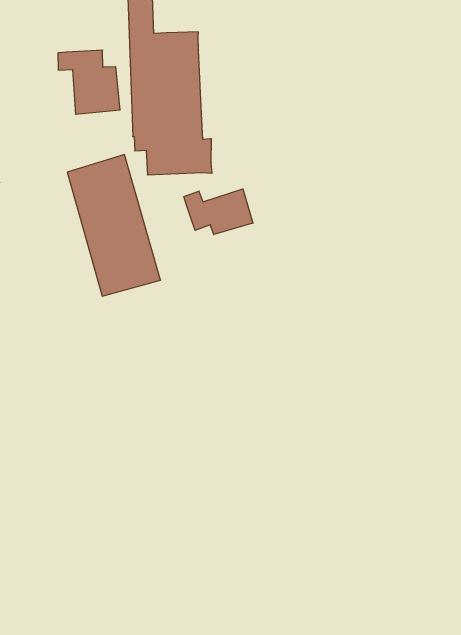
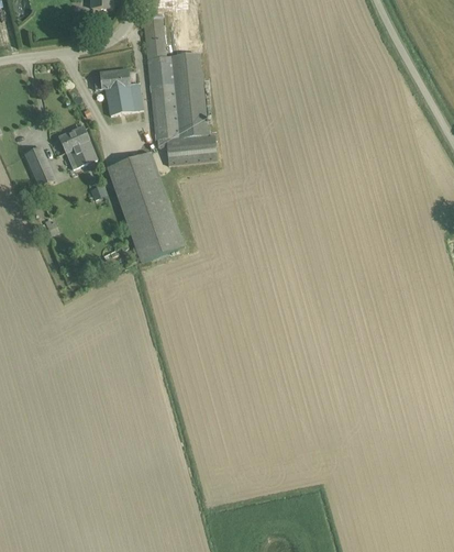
building: none -> [59,126,97,167]
building: [184,189,253,235] -> none

